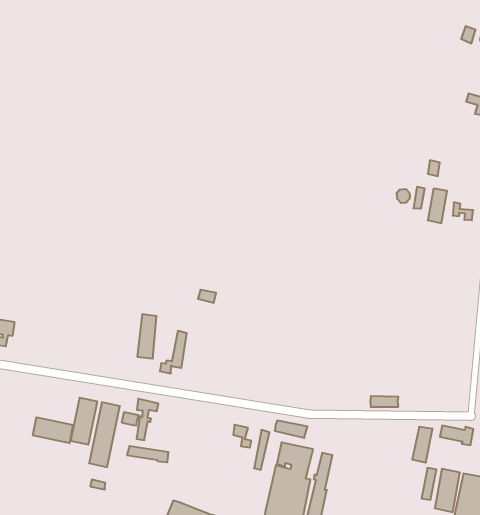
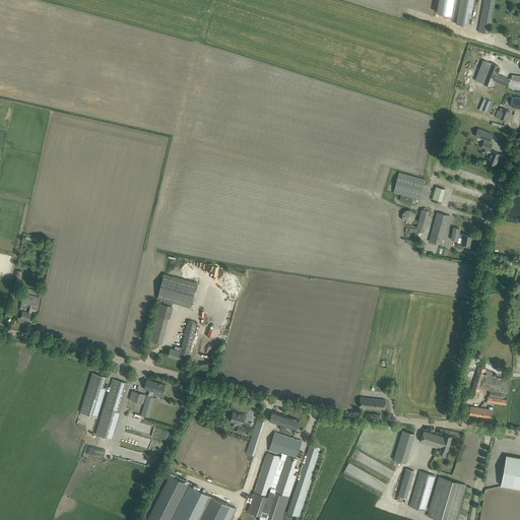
building: none -> [393,173,425,203]
building: none -> [157,273,197,307]
building: [33,417,73,443] -> none

